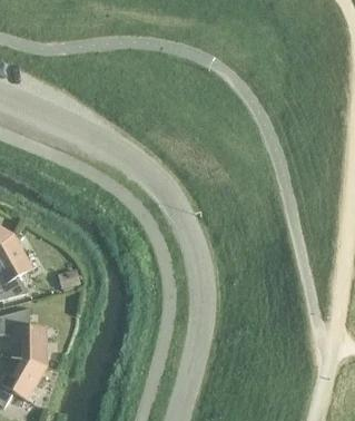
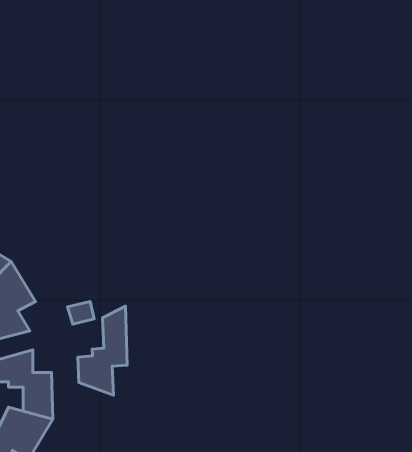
building: none -> [78,306,127,395]

